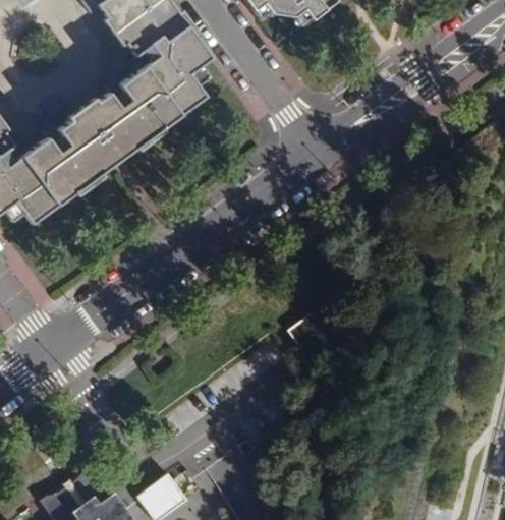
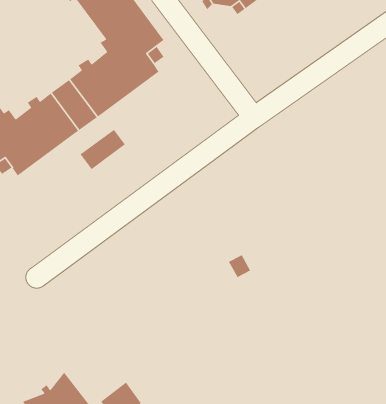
building: none -> [80,129,126,170]

